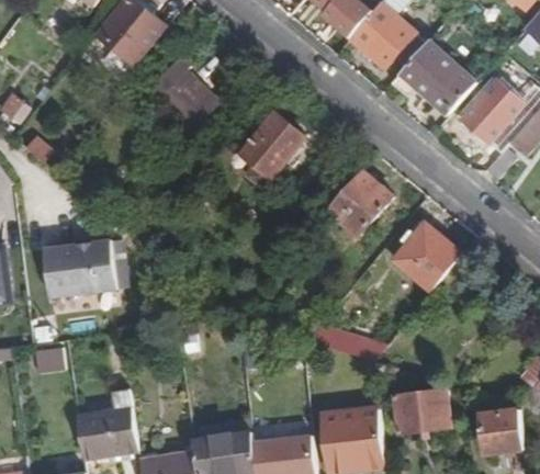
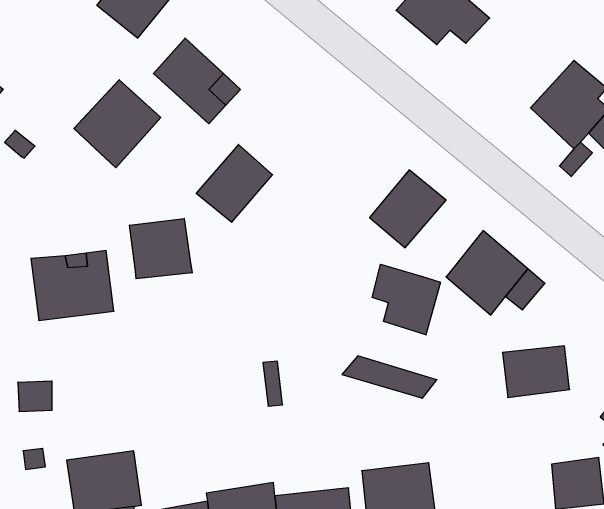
building: [404,41,476,115] -> none
building: none -> [74,80,161,168]
building: [239,111,303,176] -> [196,144,273,222]
building: none -> [130,218,192,279]
building: none -> [372,264,440,335]
building: [394,388,450,431] -> [502,346,570,397]

